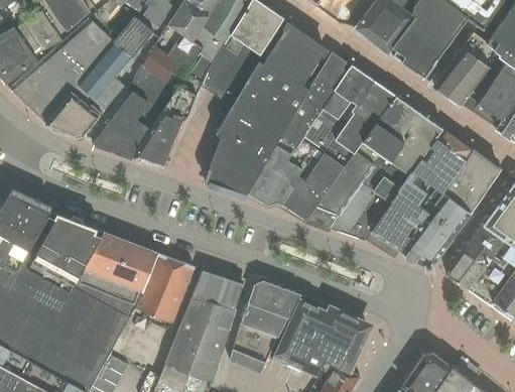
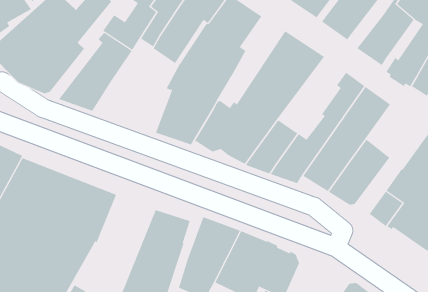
building: [276,52,351,153] -> none
building: [131,75,201,170] -> none
building: [343,96,420,189] -> none
building: [443,150,499,211] -> none
building: [136,254,194,323] -> none

